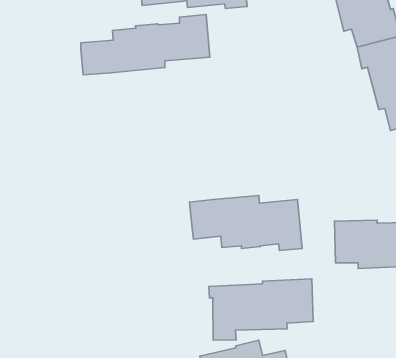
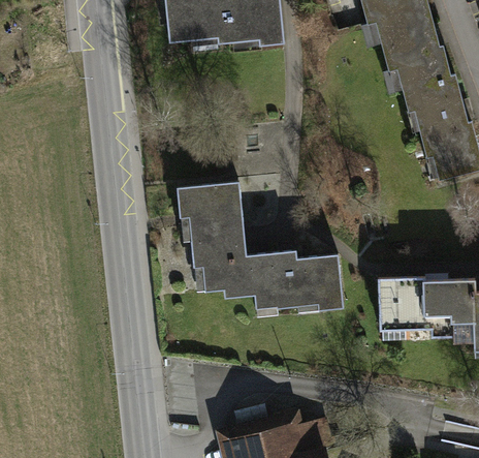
building: [81,15,210,75] -> none
building: none -> [177,181,247,292]
building: [209,279,313,340] -> none

